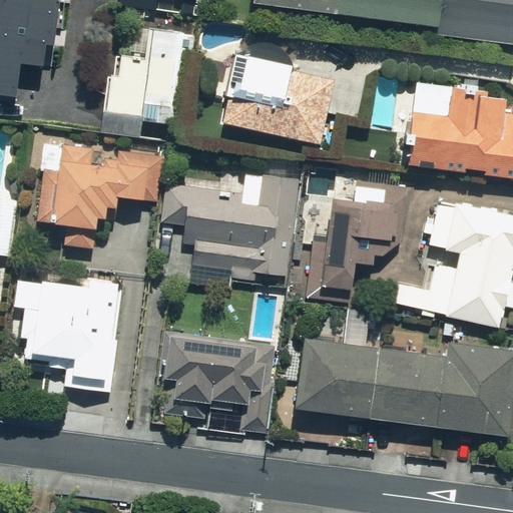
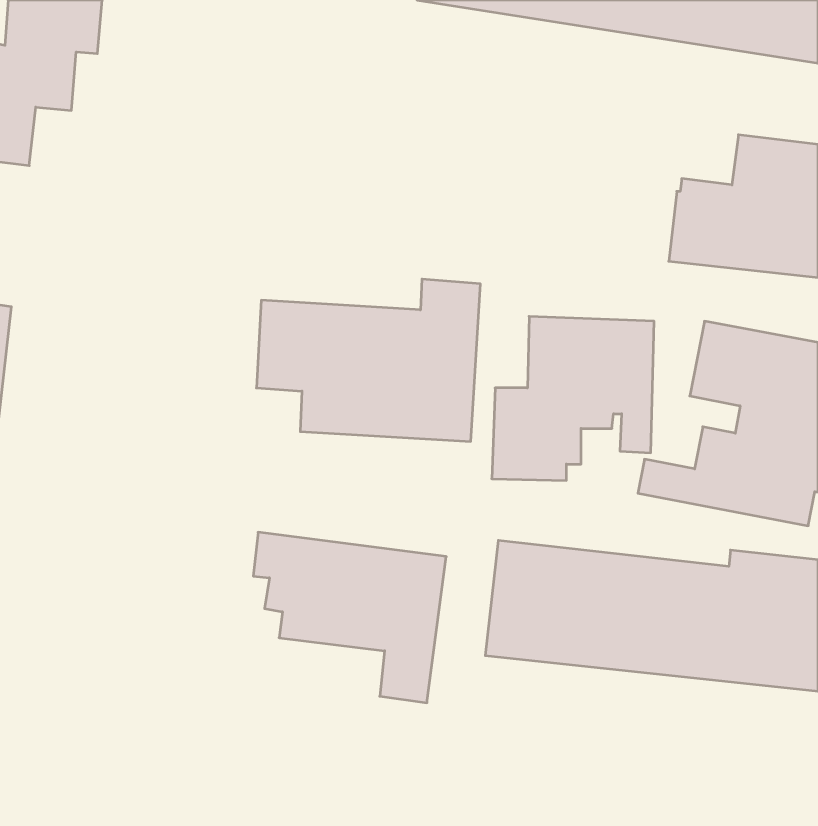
building: [100,26,188,134] -> none
building: [210,46,341,147] -> none
building: [36,142,161,232] -> none
building: [18,283,118,383] -> none

